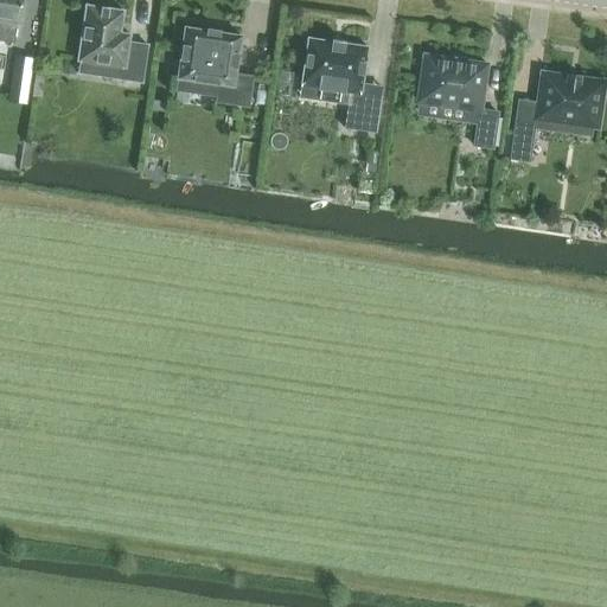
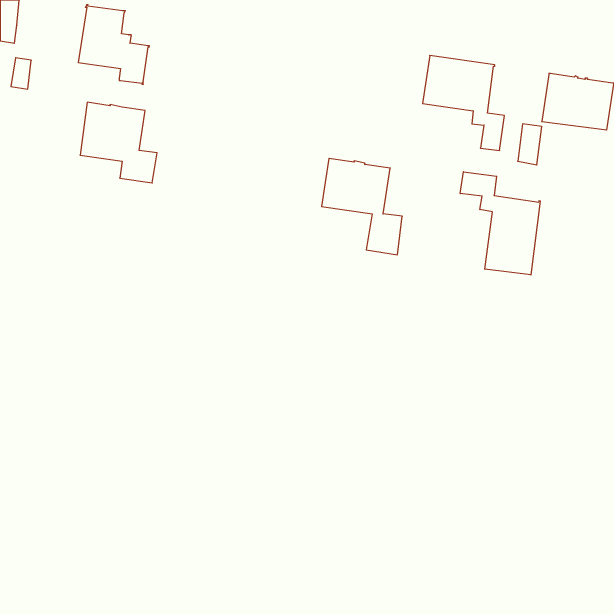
building: [178,27,254,107] -> [80,102,157,183]
building: [301,38,381,133] -> [322,158,402,255]
building: none -> [460,172,540,275]

